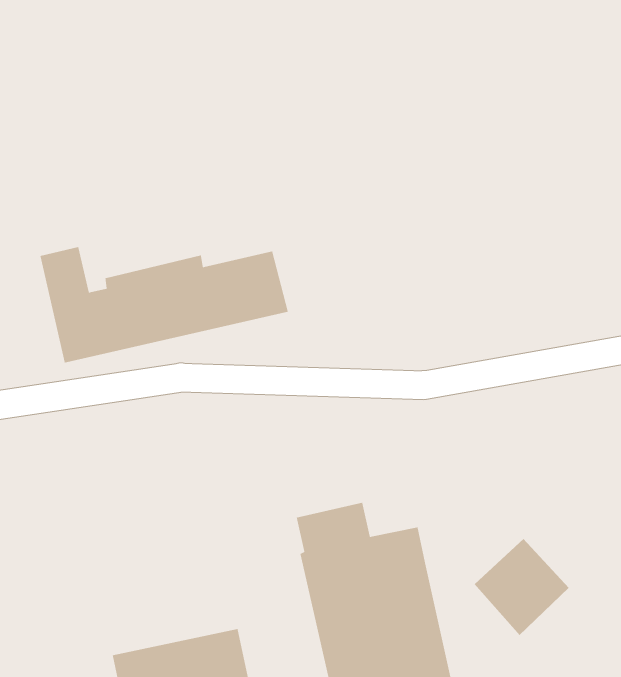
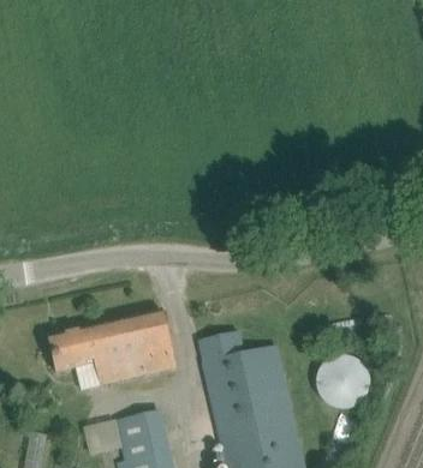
building: [39,246,289,363] -> none
building: none -> [47,310,174,389]

